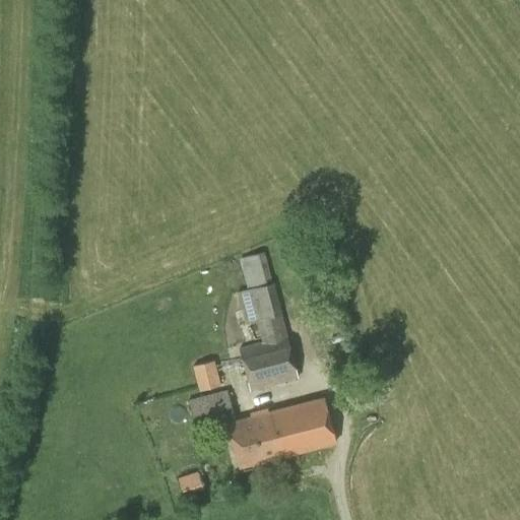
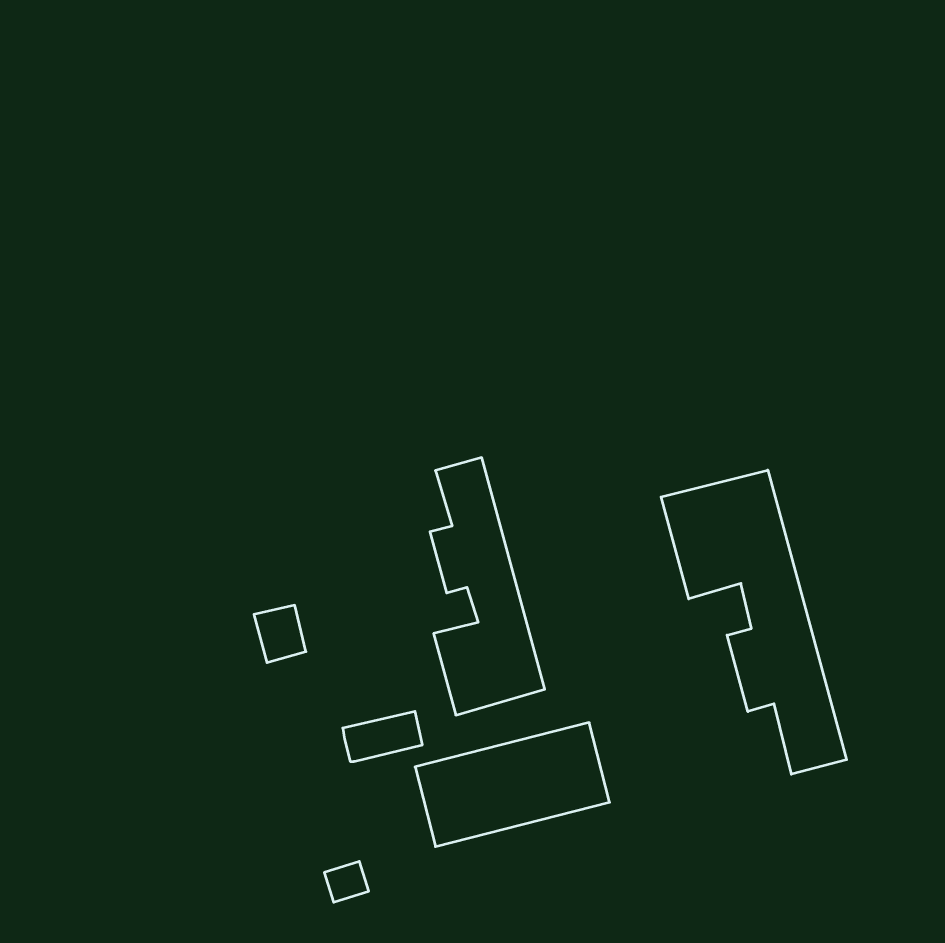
building: none -> [661,470,847,774]
building: [193,362,221,393] -> [254,605,306,663]

